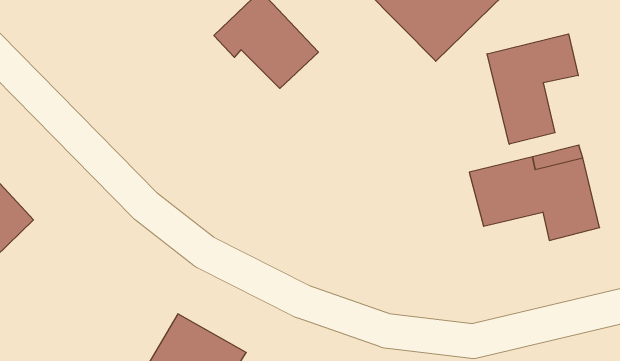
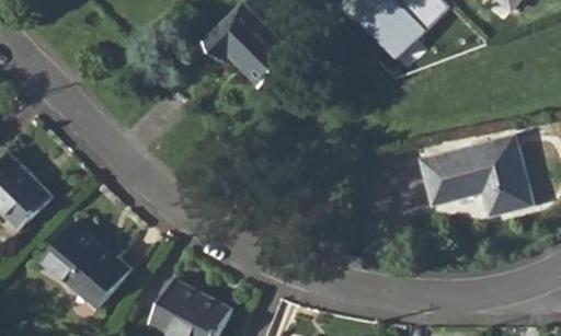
building: [487,34,578,144] -> none
building: none -> [41,221,128,306]

